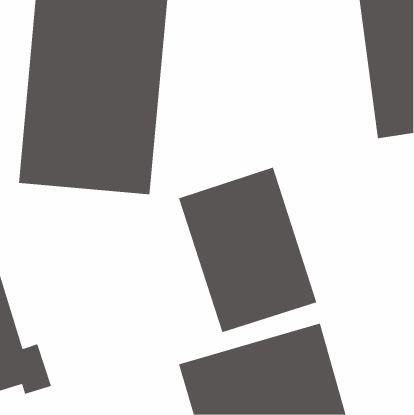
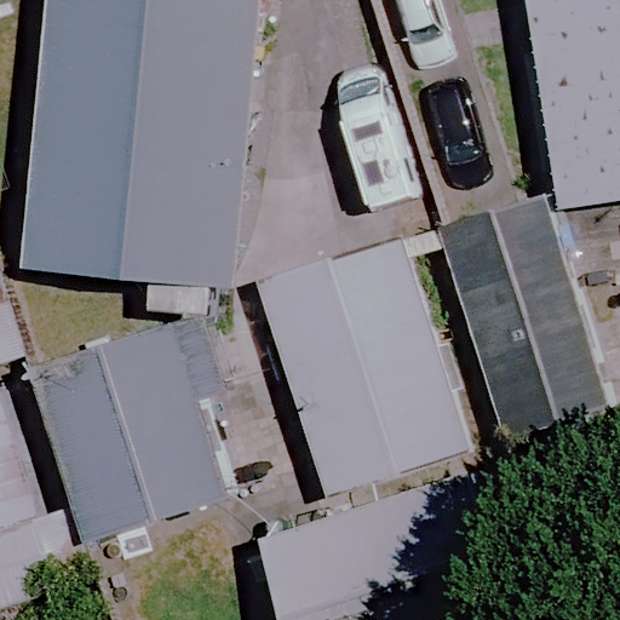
building: none -> [440,201,605,436]
building: none -> [38,321,229,538]

